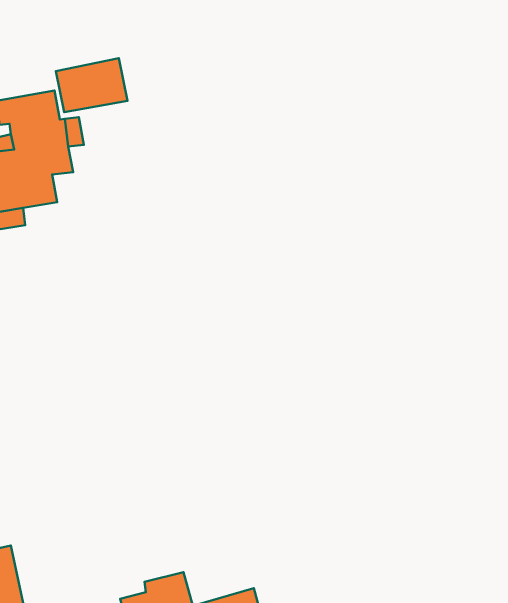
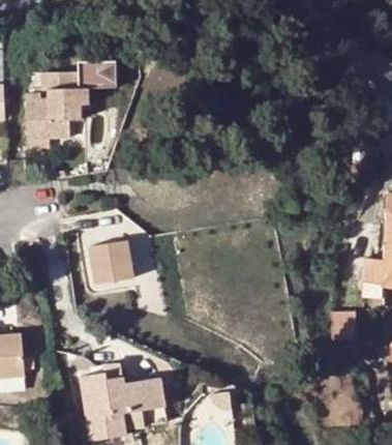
building: none -> [88,242,130,286]

